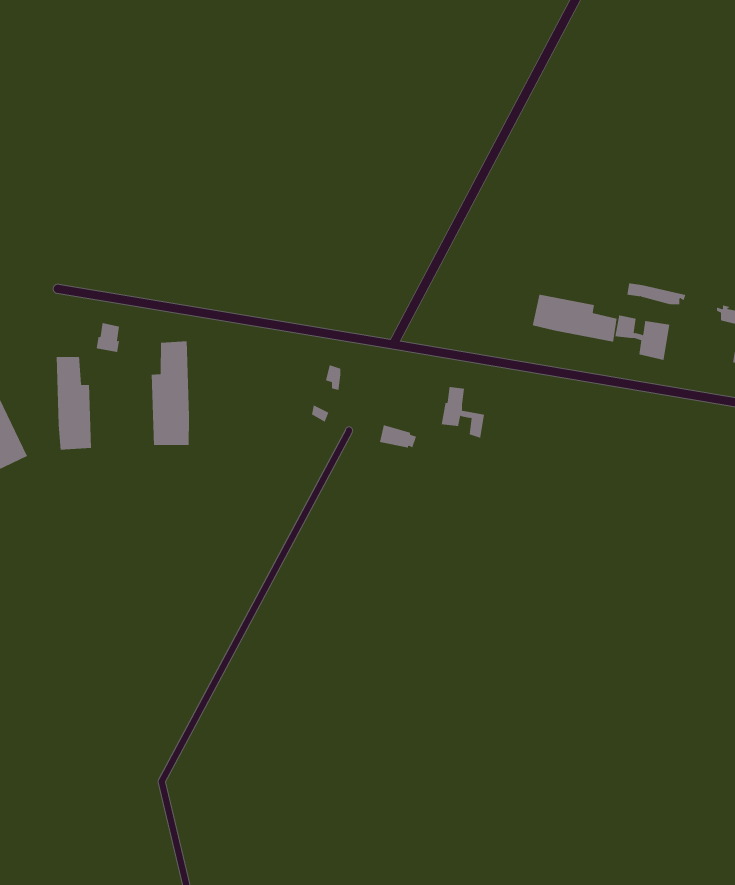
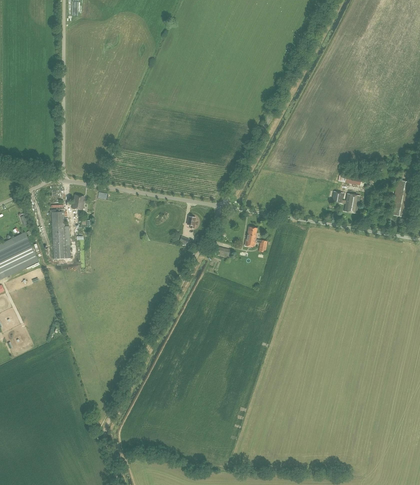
building: [532,294,617,342] -> none
building: [151,341,190,446] -> none

